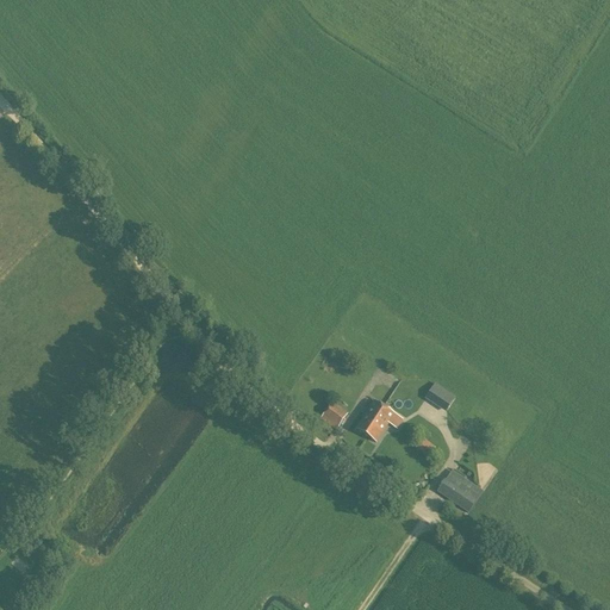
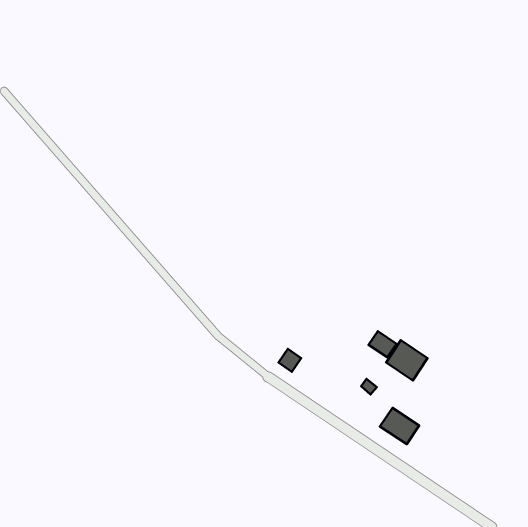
building: none -> [386,340,428,380]
building: [356,399,396,441] -> none

